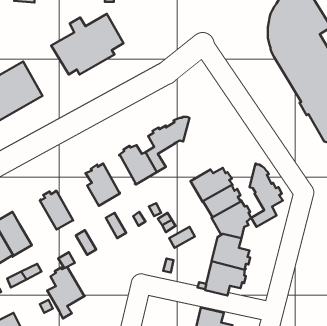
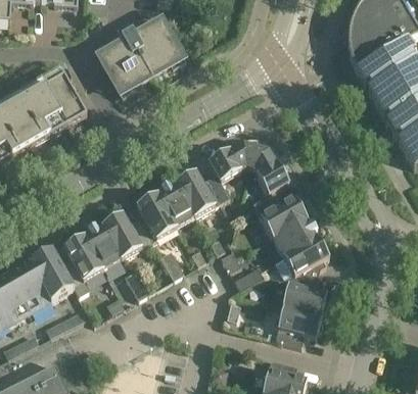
building: none -> [156,183,194,227]
building: [249,163,283,227] -> [249,140,288,213]
building: none -> [102,213,151,259]
building: [47,267,85,319] -> [59,236,103,296]

